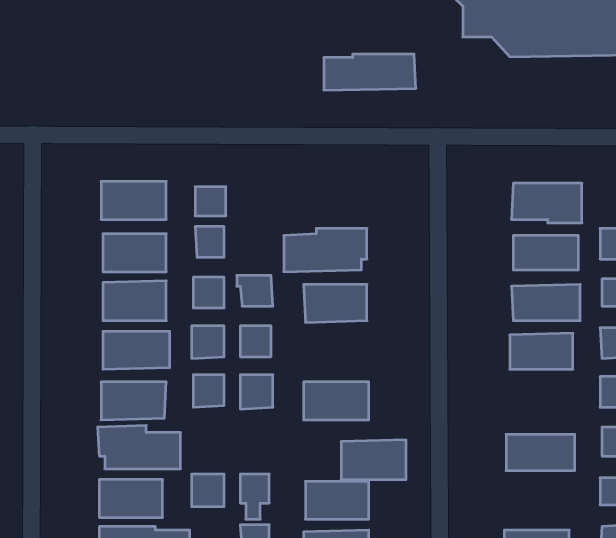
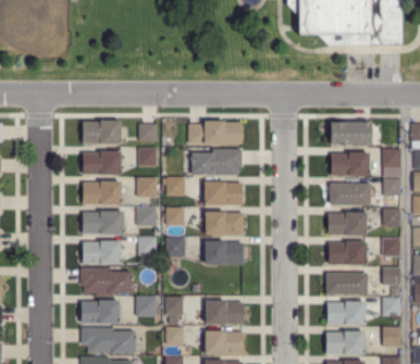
building: [324,54,416,90] -> [187,122,243,143]
building: none -> [328,242,367,264]
building: [341,440,406,480] -> [205,212,244,236]
building: none -> [325,301,365,324]

